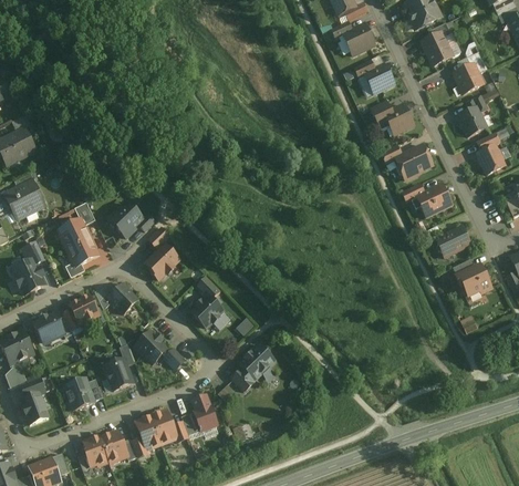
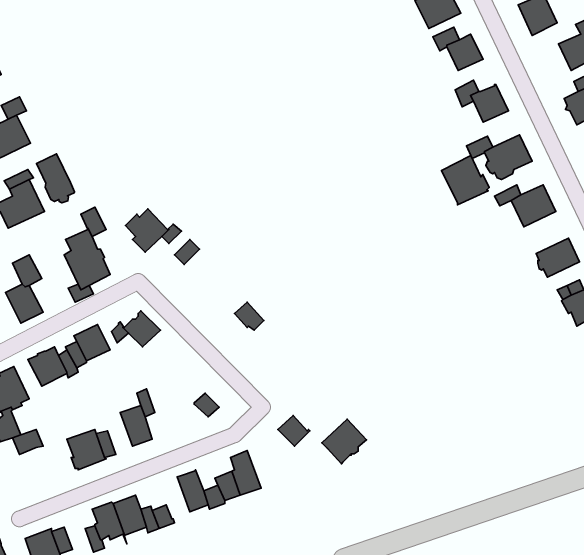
building: none -> [36,154,75,203]
building: none -> [441,156,489,205]
building: [144,245,178,279] -> none
building: [190,296,221,327] -> none
building: [134,330,166,363] -> none
building: [238,343,273,379] -> [322,419,367,464]
building: [20,392,48,423] -> none
building: [136,415,160,448] -> none

